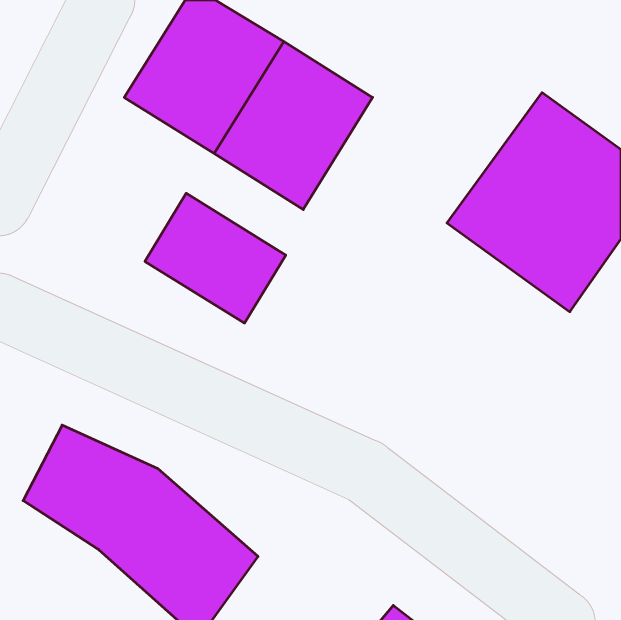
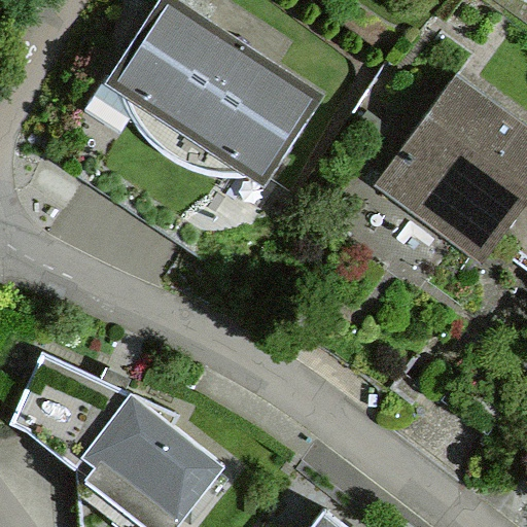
building: [145,193,286,323] -> none

